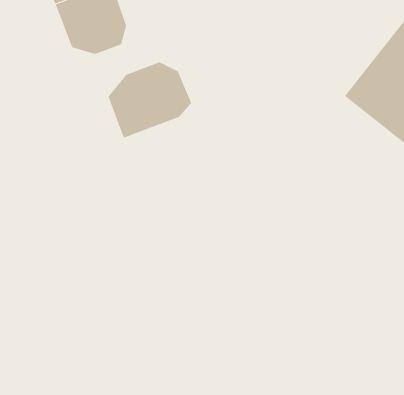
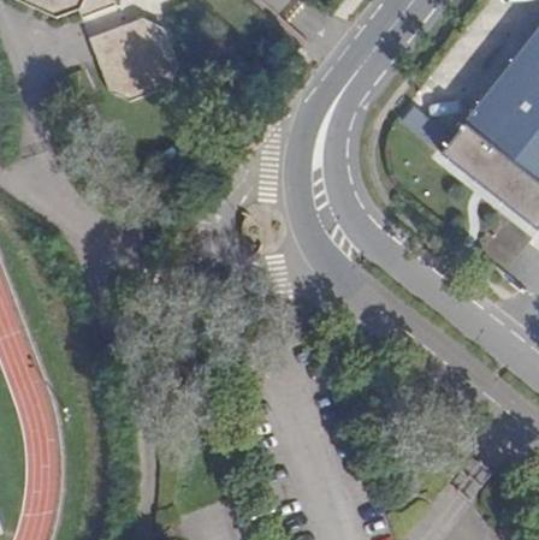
building: [108,61,192,139] -> none

